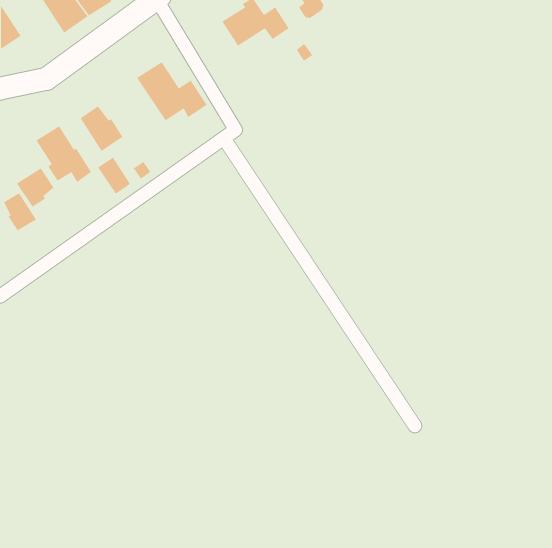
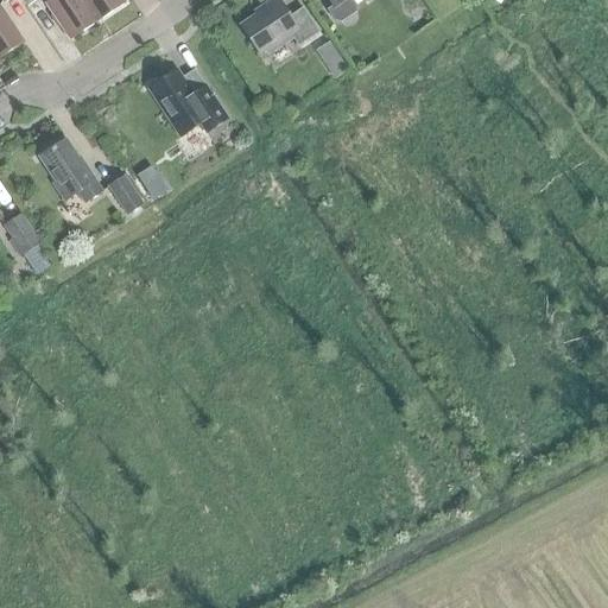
building: [80,106,123,152] -> none
building: [16,167,54,208] -> none

